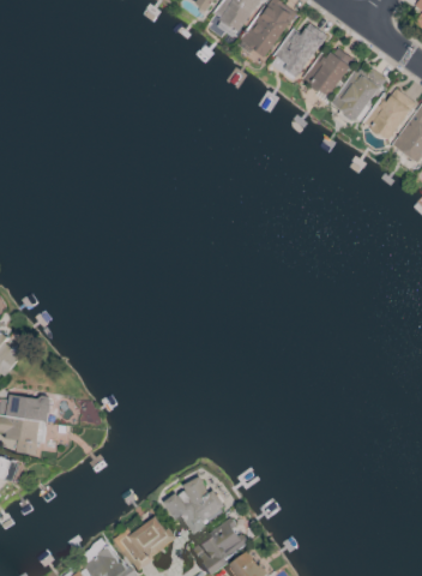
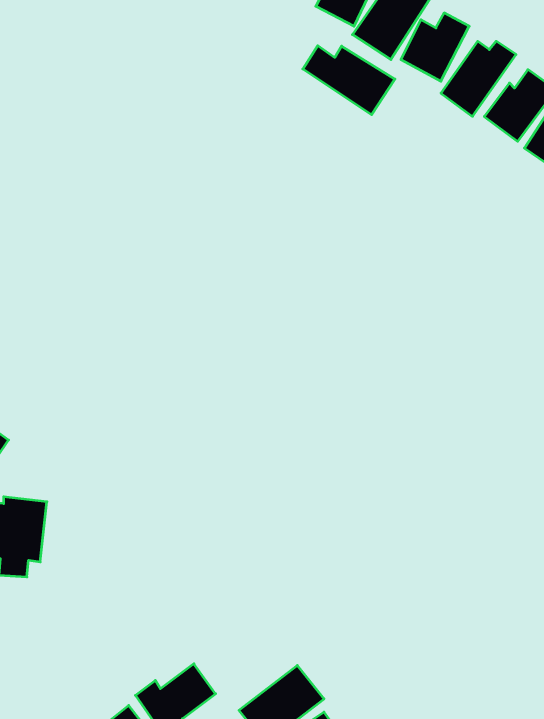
building: none -> [303,46,395,115]
building: [165,475,227,534] -> none

